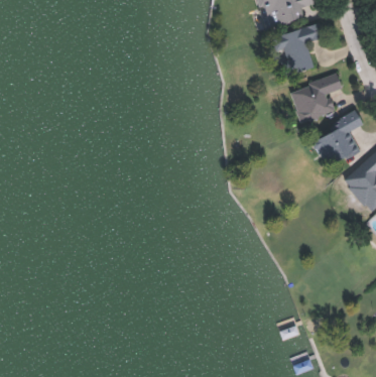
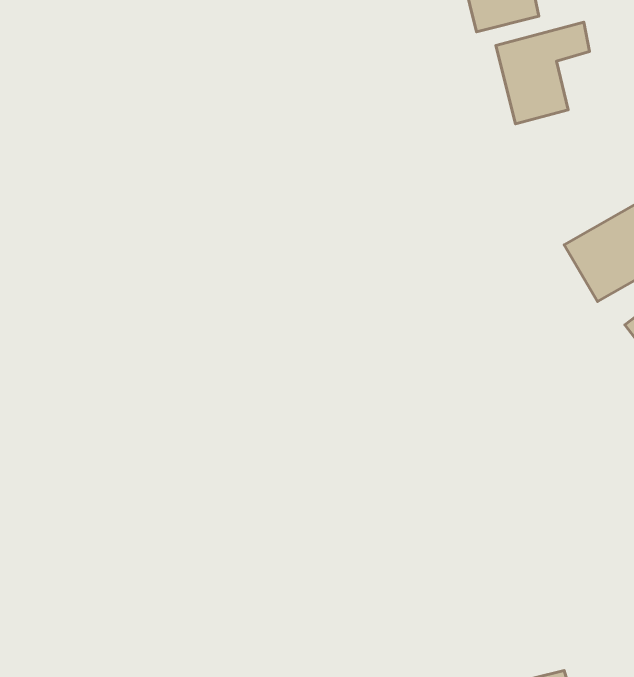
building: [290,74,344,123] -> none

